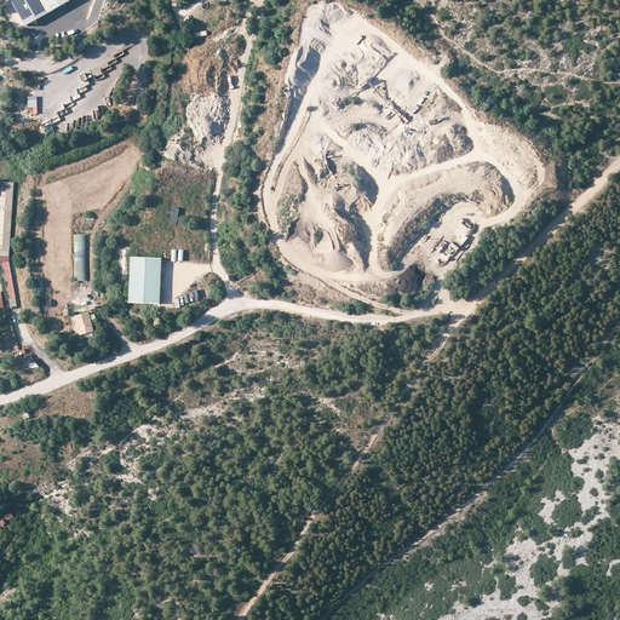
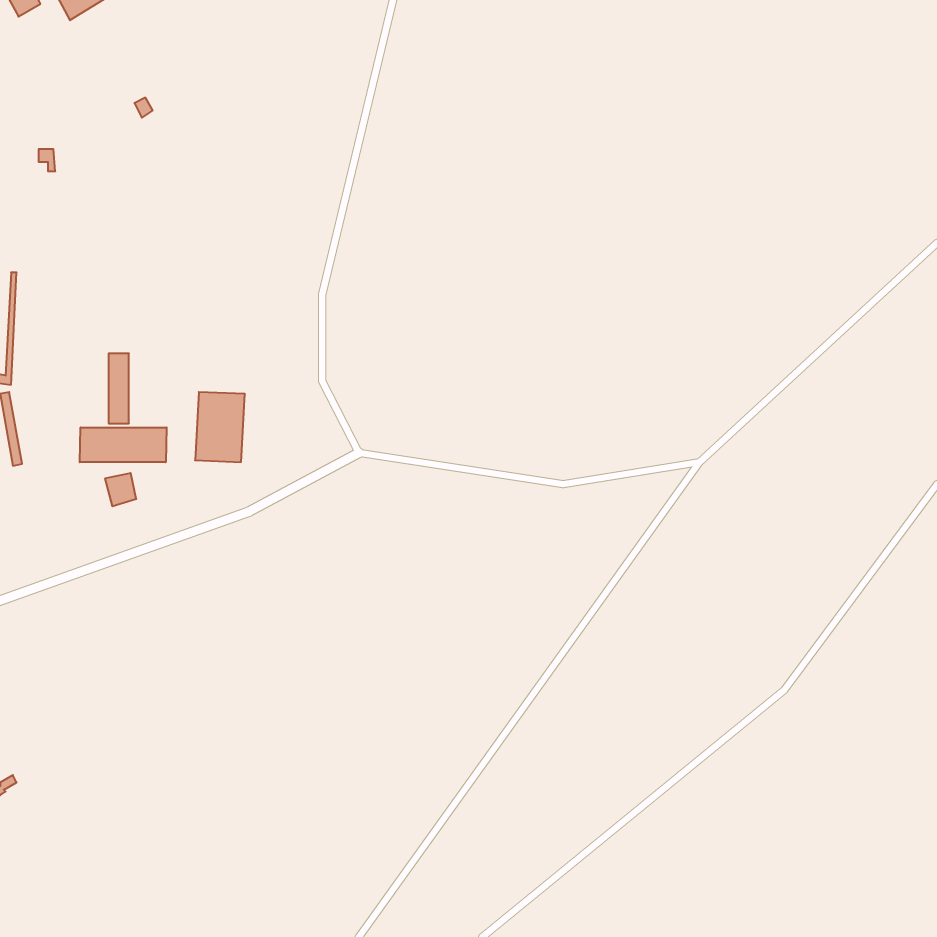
building: none -> [80,427,167,462]

